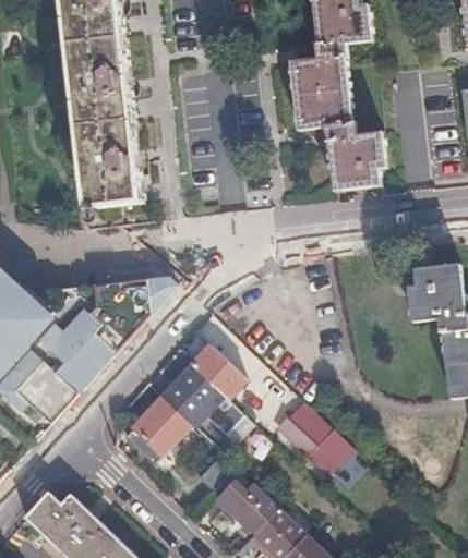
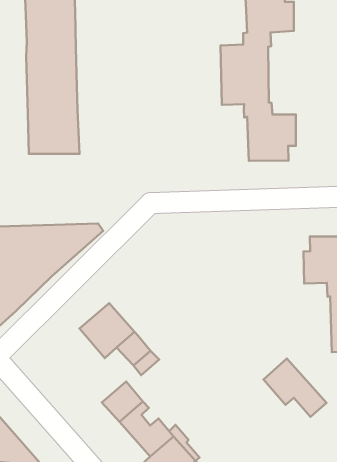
building: [191,344,244,398] -> none
building: [125,396,190,460] -> none
building: [278,402,351,465] -> [264,358,326,417]

